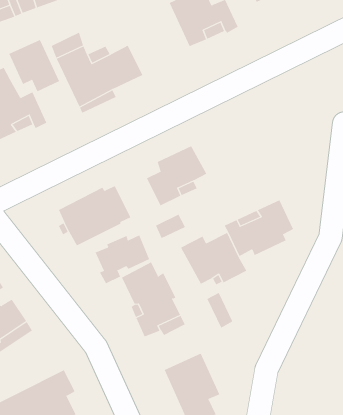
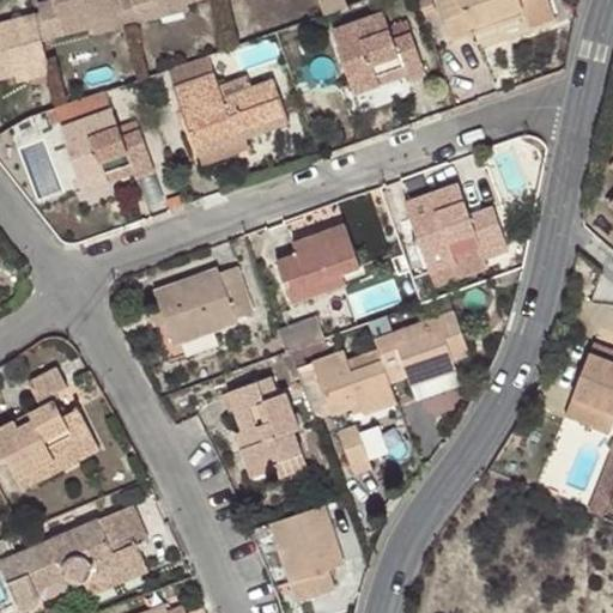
building: [9,39,60,92] -> none
building: none -> [400,182,504,287]
building: [95,235,150,284] -> none

